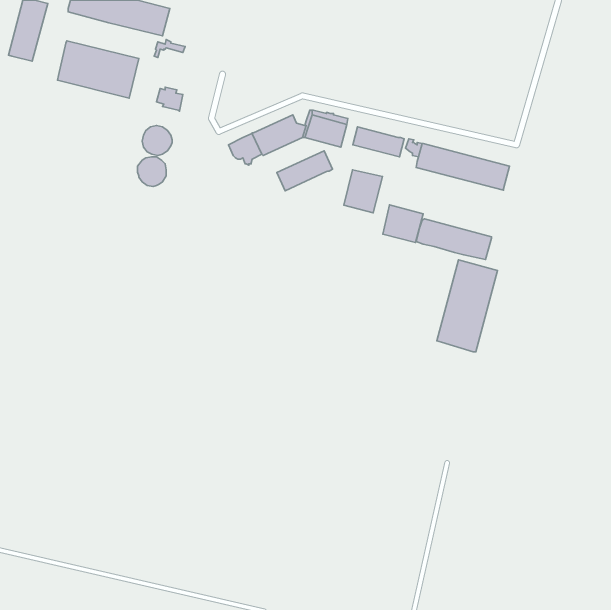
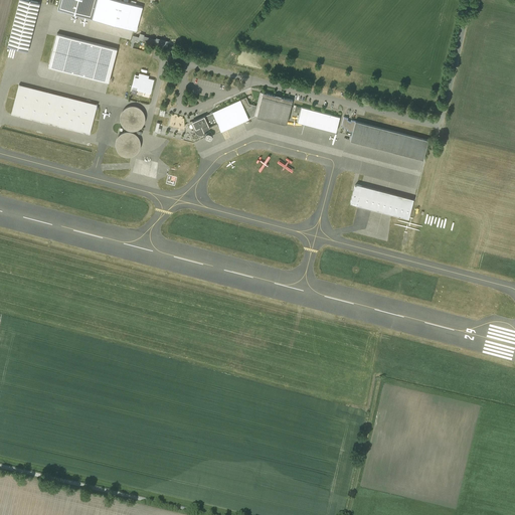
building: none -> [11,85,98,135]
building: [277,151,333,191] -> none
building: [344,170,382,213] -> none
building: [383,205,423,242] -> none
building: [437,260,498,352] -> none

